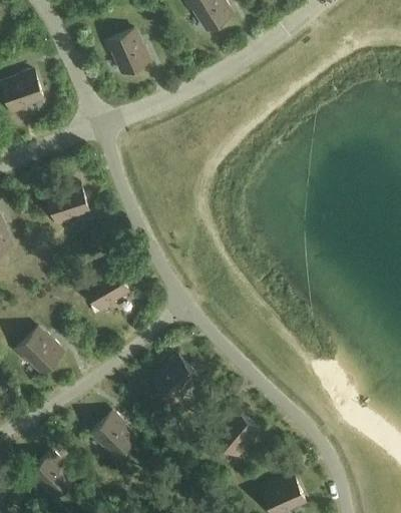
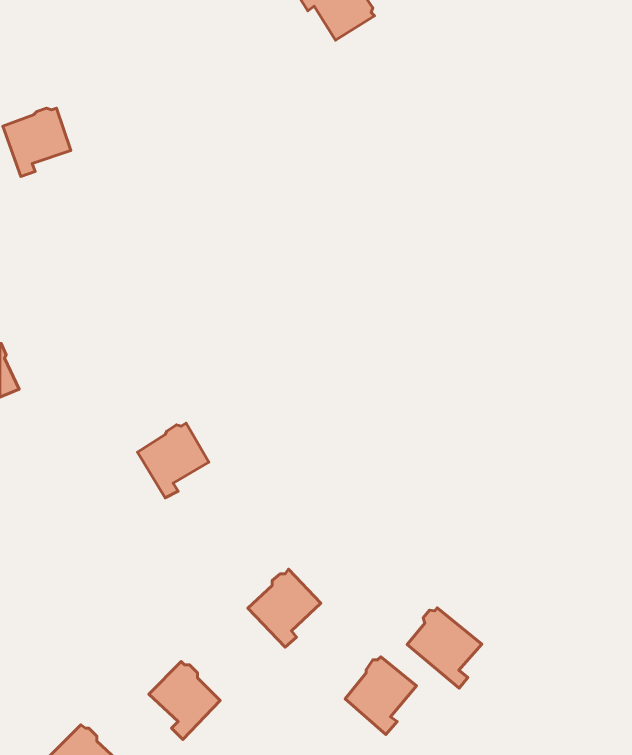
building: [104,30,148,73] -> none
building: [48,184,89,226] -> none
building: [14,329,62,373] -> none
building: none -> [407,608,482,688]

